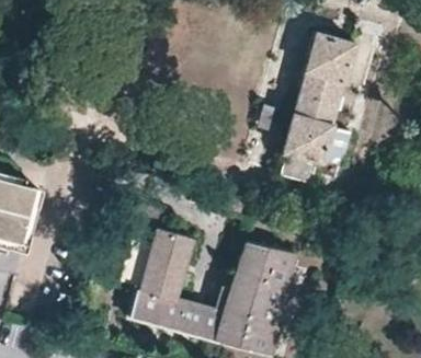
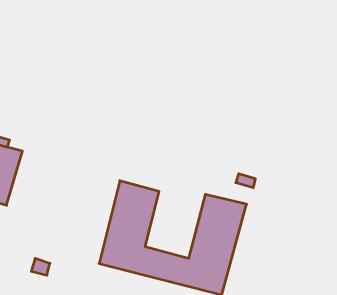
building: [274,32,354,187] -> none

